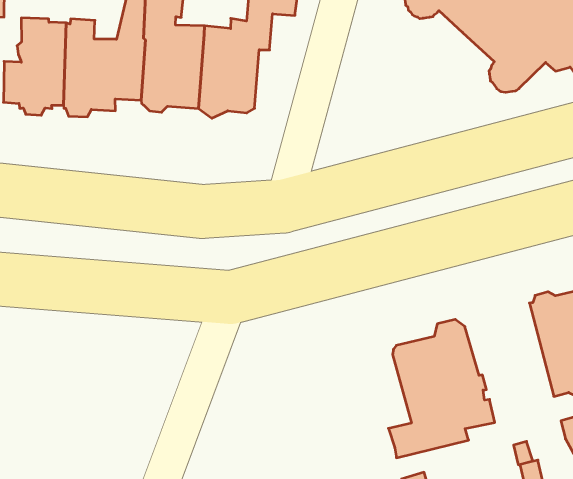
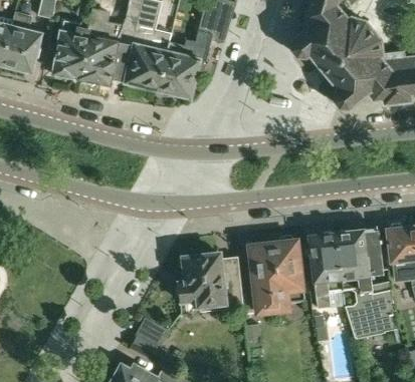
building: none -> [310,232,343,309]
building: none -> [177,255,244,312]

